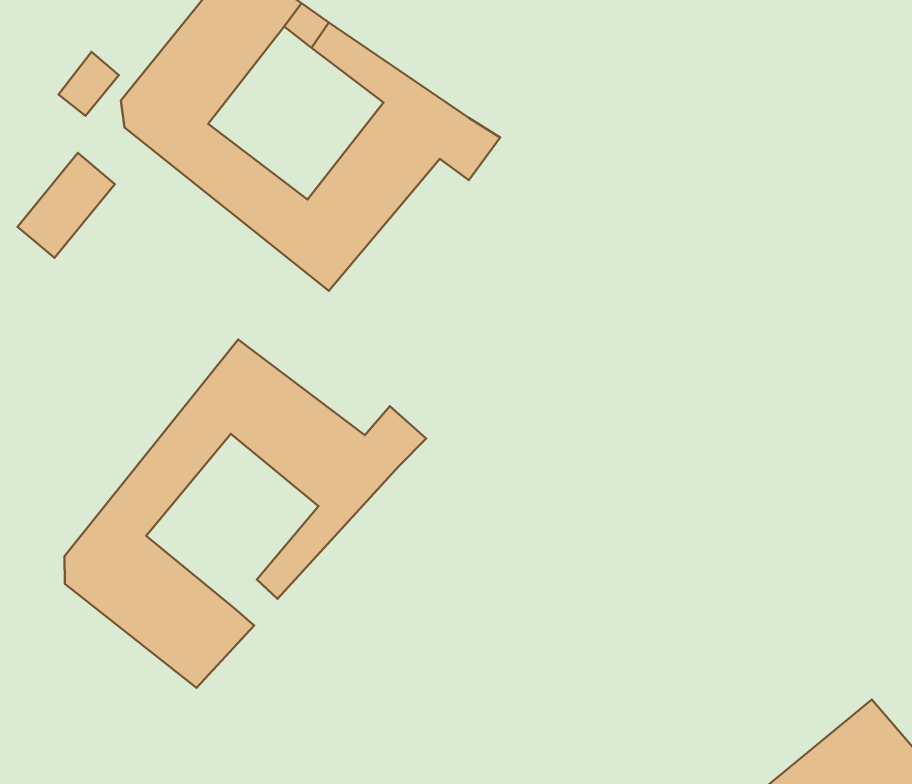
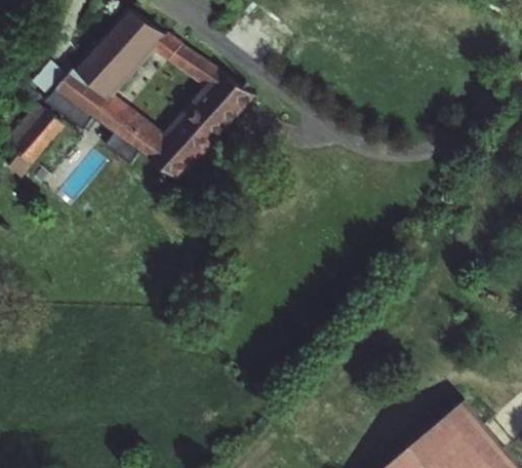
building: [65,339,426,688] -> none

